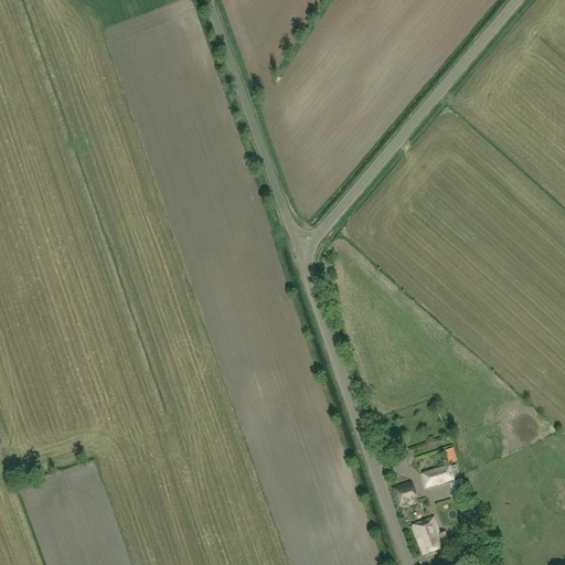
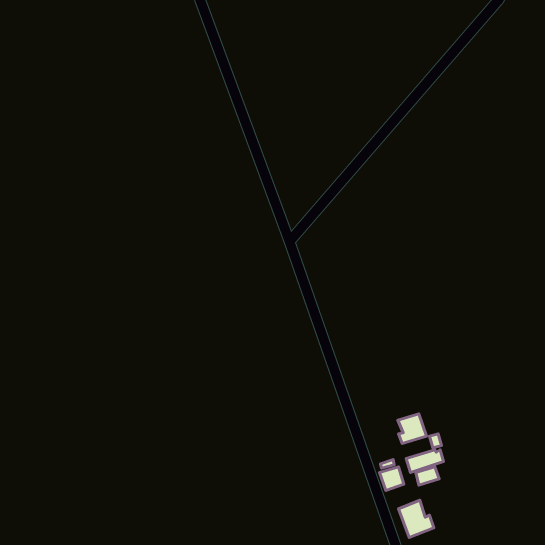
building: none -> [398,414,426,443]

